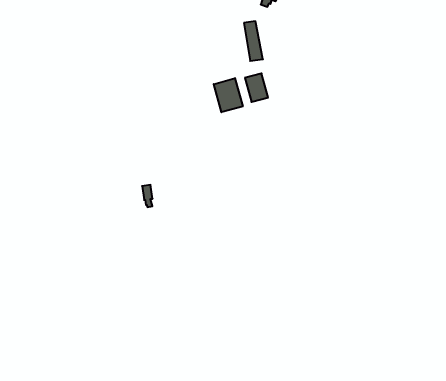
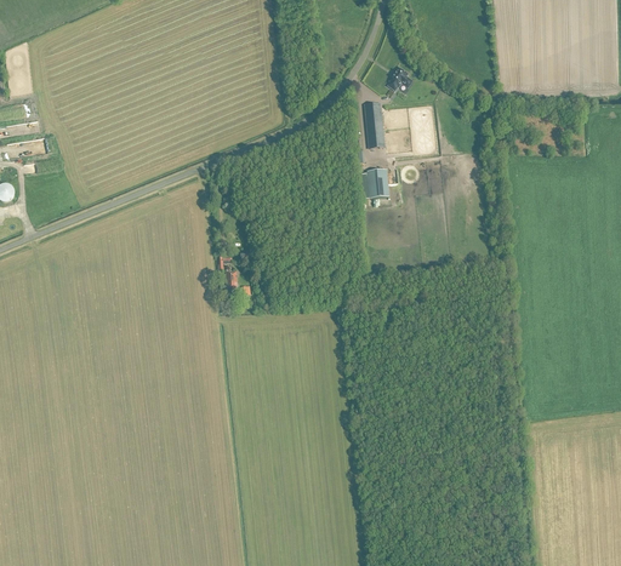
building: [214,78,243,112] -> none

